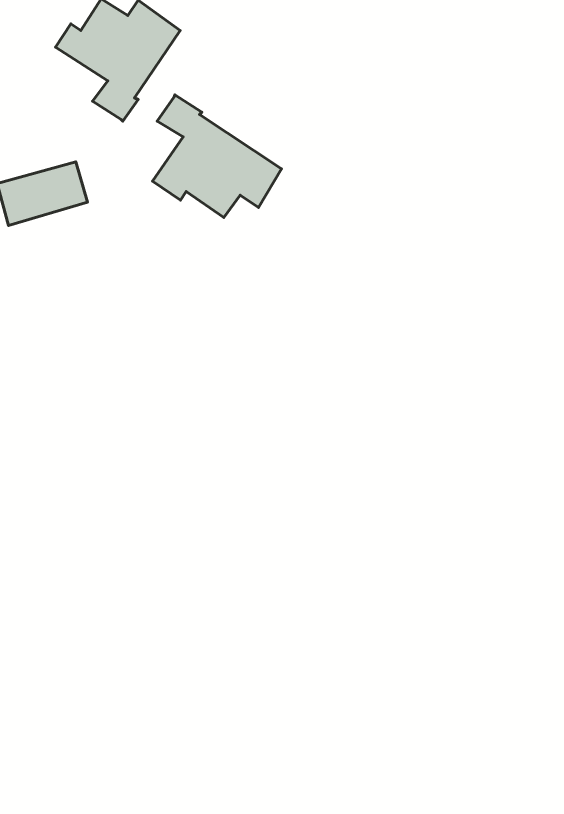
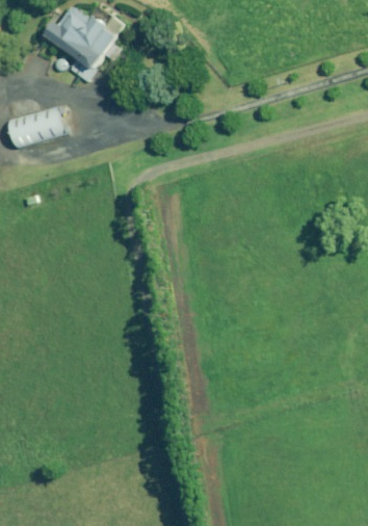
building: [153,95,281,218] -> none

